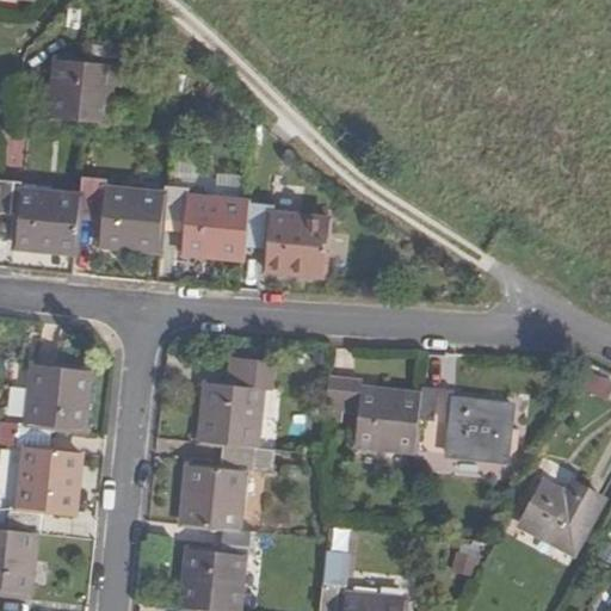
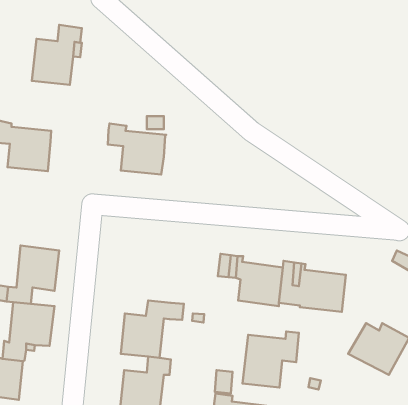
building: [76,175,162,251] -> none
building: [243,202,331,276] -> none
building: [198,364,270,449] -> none
building: none -> [243,332,299,387]

